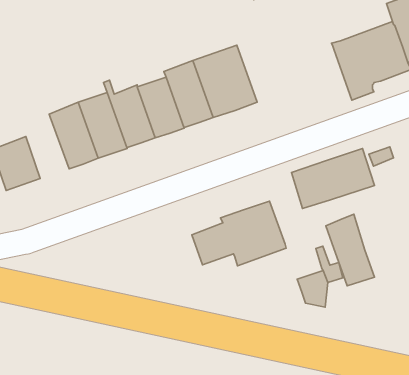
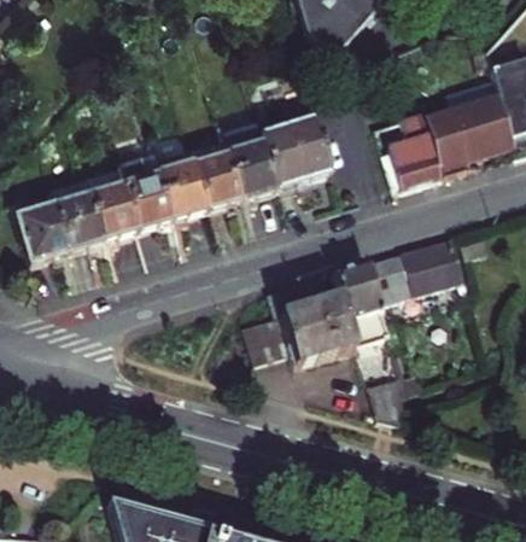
building: none -> [385,116,443,196]
building: none -> [49,182,104,255]
building: [326,214,374,286] -> [333,263,387,348]

